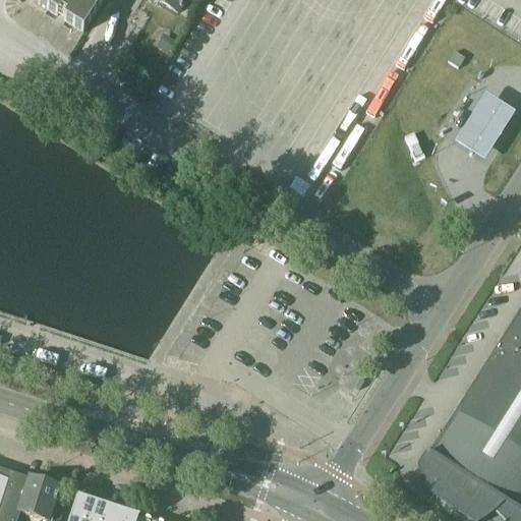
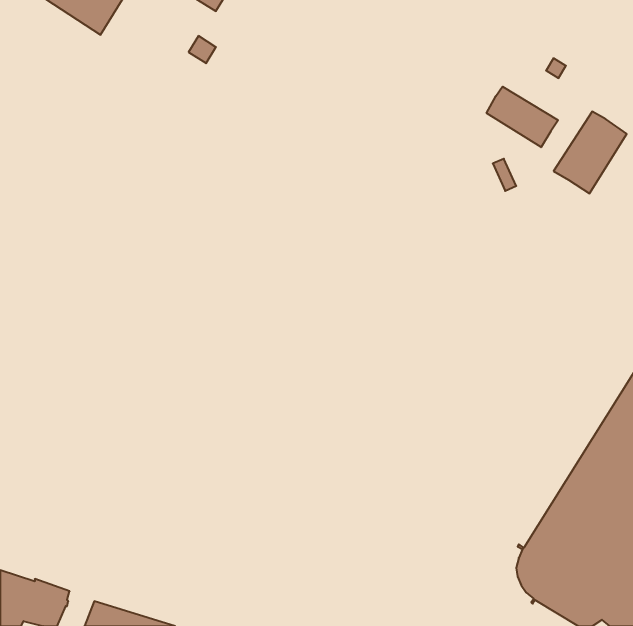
building: none -> [487,87,558,147]

